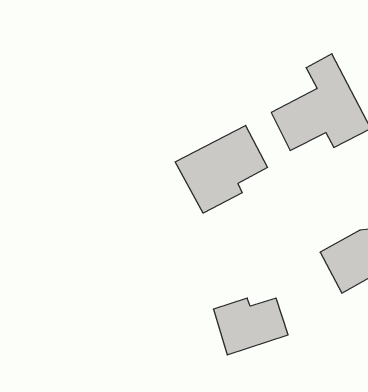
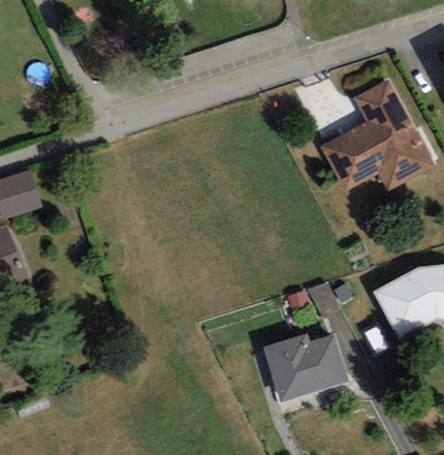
building: [175,125,267,213] -> none

